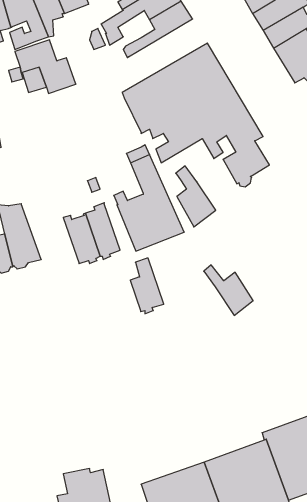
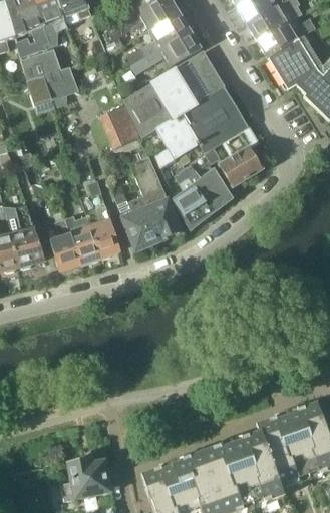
building: none -> [128,29,201,75]
building: none -> [101,104,140,148]
building: [130,258,164,314] -> [49,218,81,272]
building: [204,265,253,315] -> [183,163,230,211]

